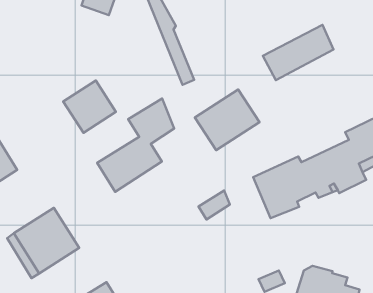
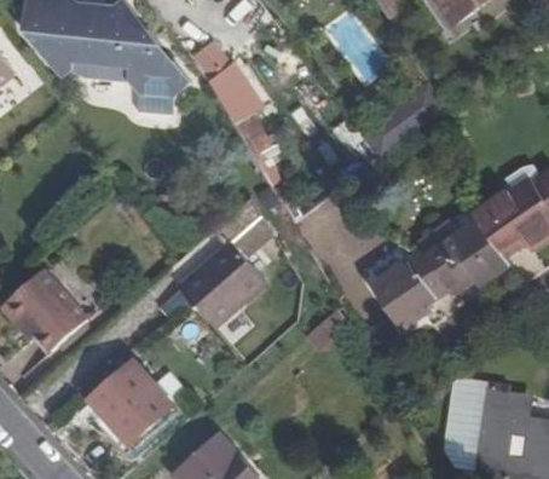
building: [63,80,116,133] -> none
building: [195,89,259,150] -> none

